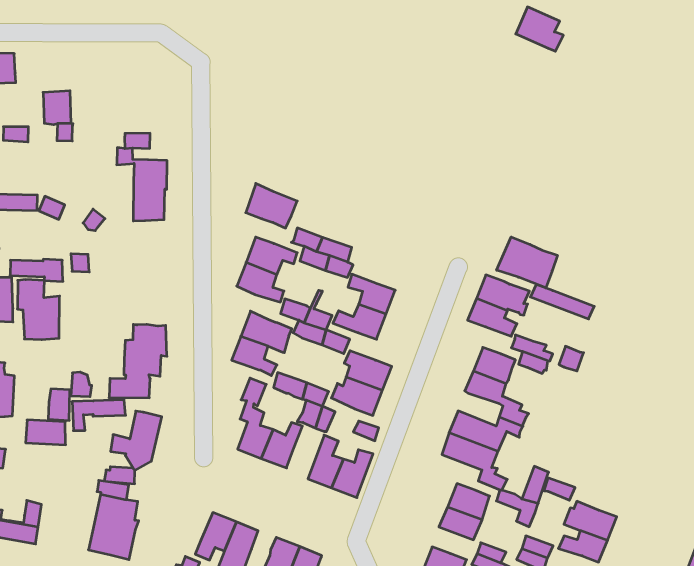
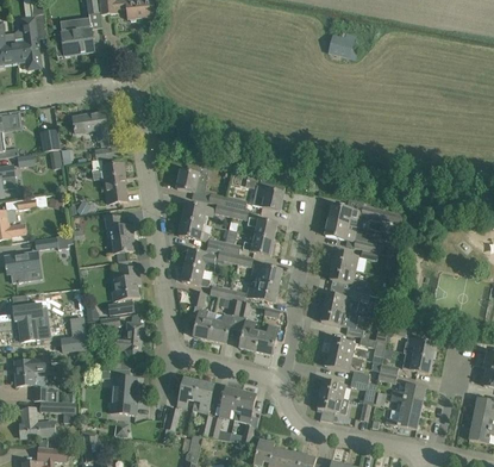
building: none -> [71,111,108,145]
building: none -> [254,180,283,210]
building: [497,237,557,288] -> none
building: [17,280,60,340] -> [104,214,135,253]

